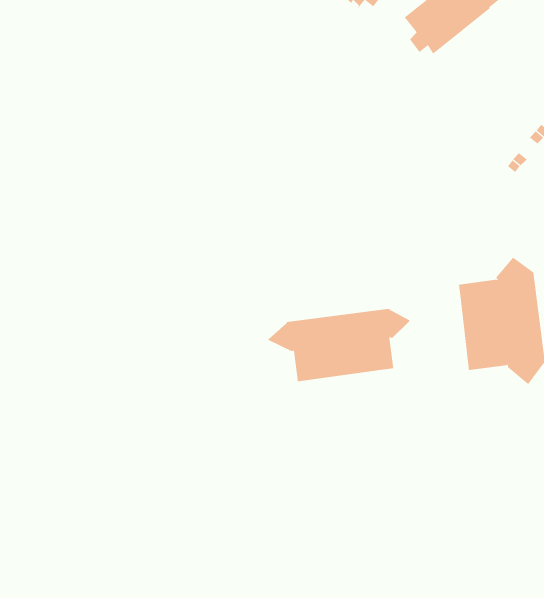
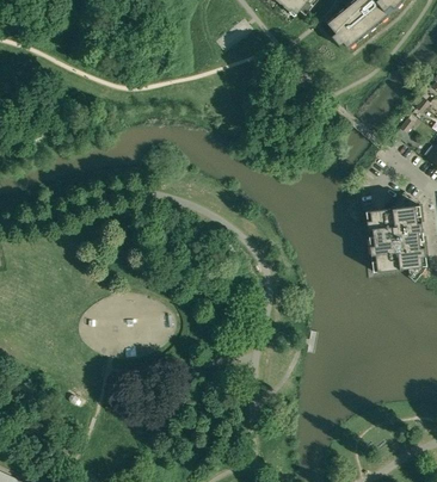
building: [268,308,410,382] -> none

